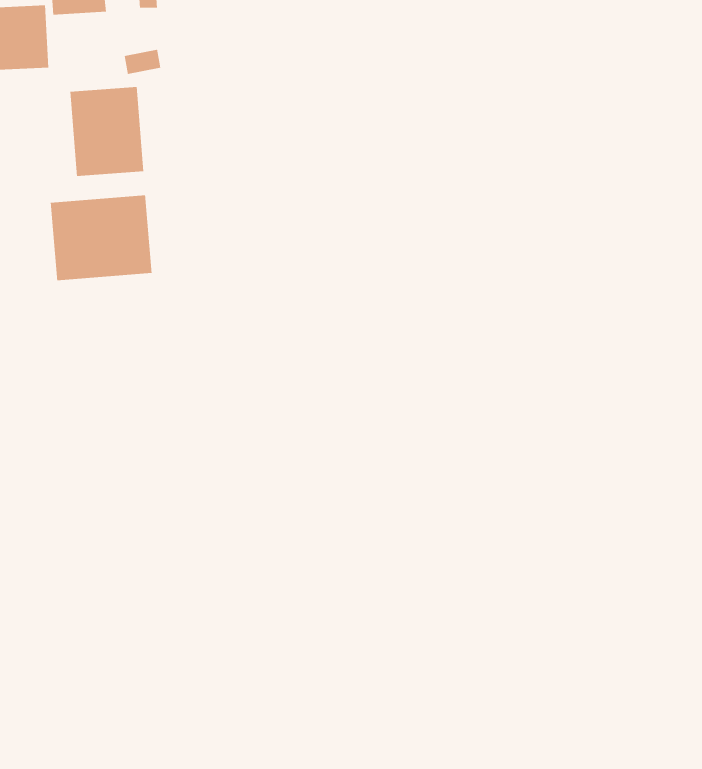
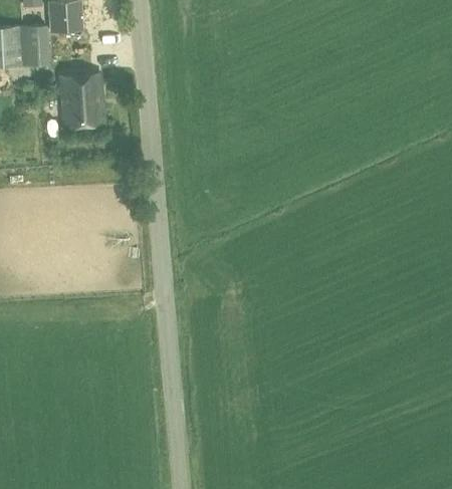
building: [50,195,152,281] -> none

